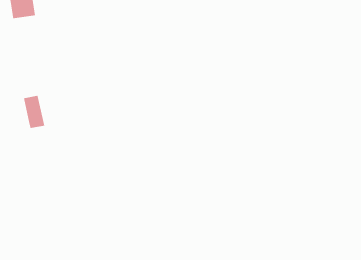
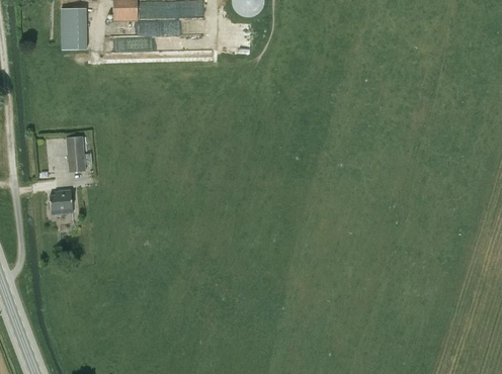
building: none -> [50,190,72,215]

